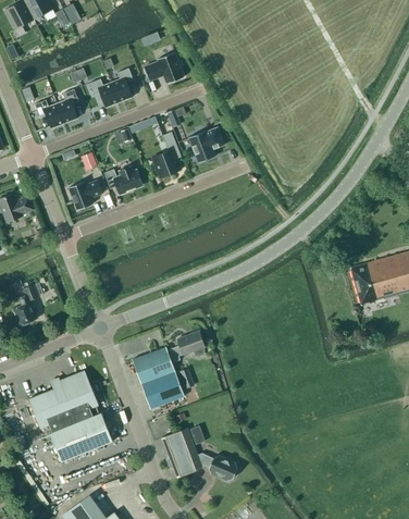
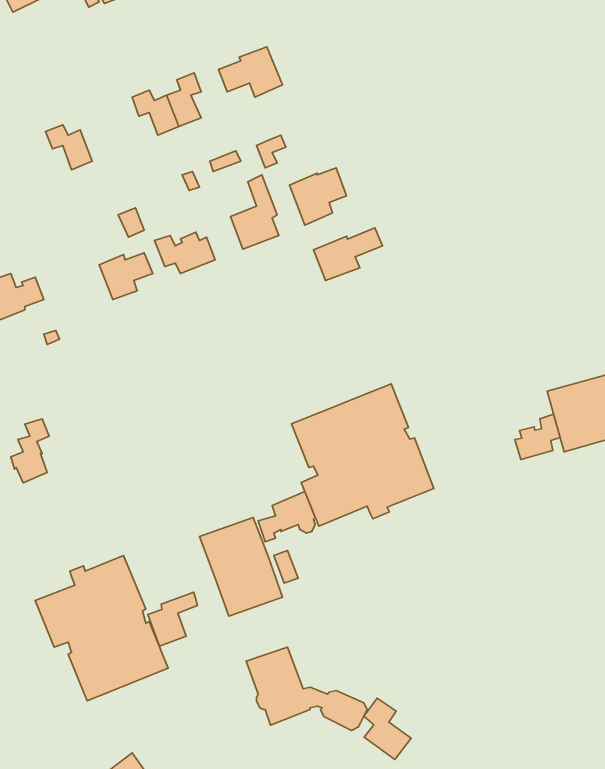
building: [57,89,78,123] -> none
building: none -> [313,228,382,281]
building: none -> [291,384,434,526]
building: none -> [515,414,560,460]
building: none -> [148,592,197,646]
building: none -> [364,698,411,760]

